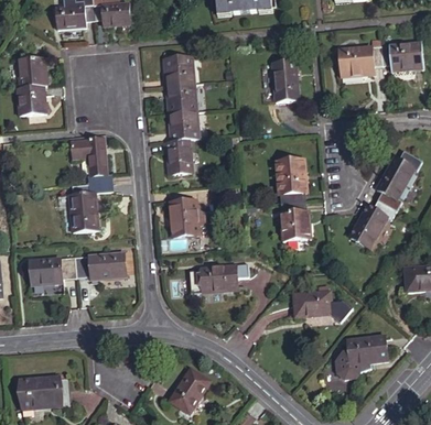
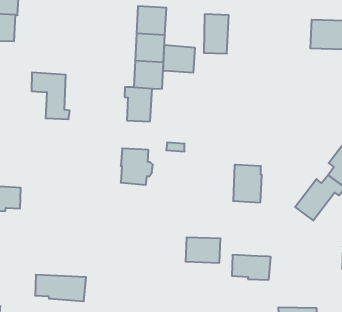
building: [274,62,302,102] -> [204,14,229,54]
building: none -> [163,45,195,73]
building: [279,160,310,204] -> none
building: [66,181,111,230] -> none
building: [72,251,123,277] -> [35,275,86,301]
building: [201,265,237,293] -> [185,237,221,263]

